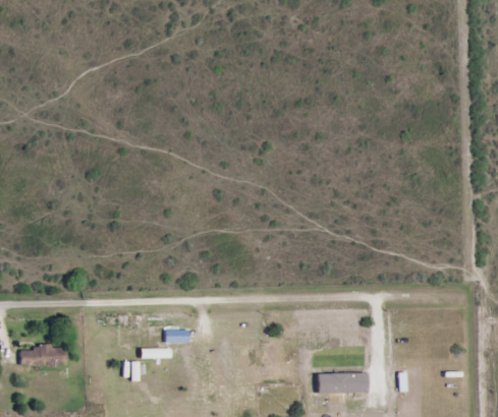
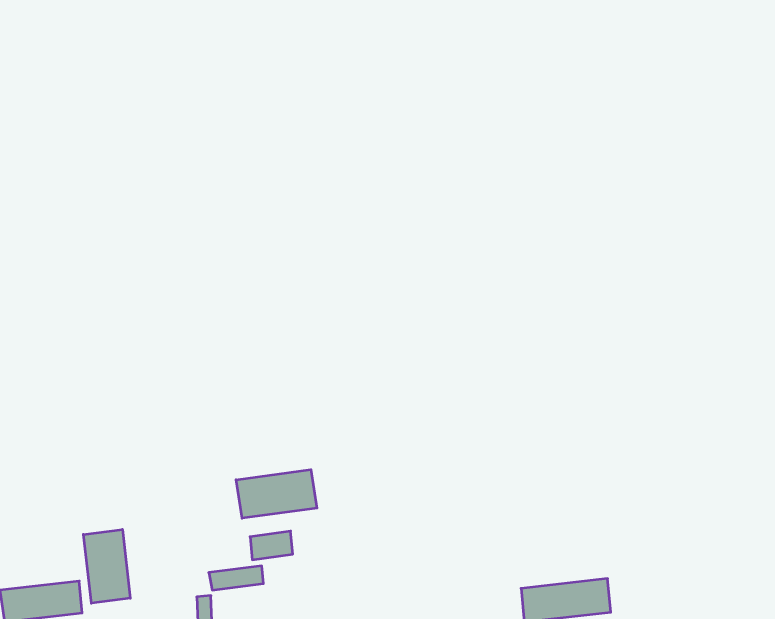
building: none -> [236,470,317,518]
building: none -> [83,529,130,603]

